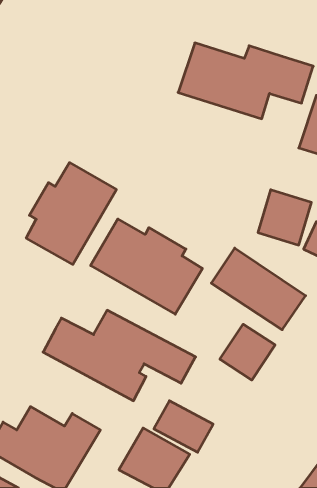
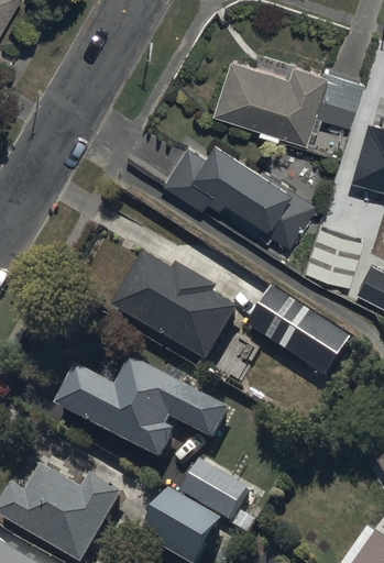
building: none -> [161,136,316,244]
building: [26,163,116,264] -> none
building: [220,324,275,380] -> none

